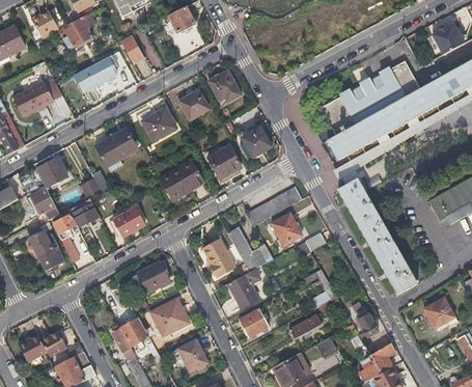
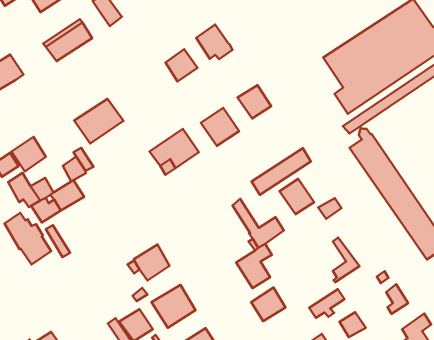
building: [143,107,177,140] -> none
building: [112,206,145,238] -> none
building: [203,239,234,276] -> none

